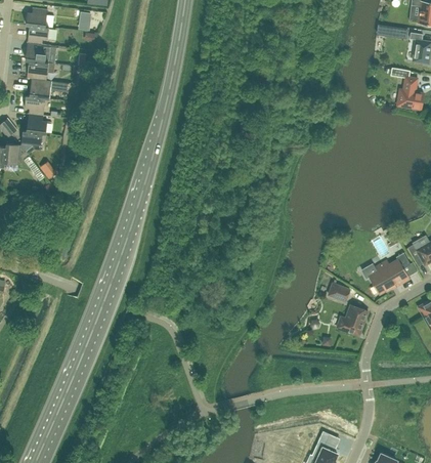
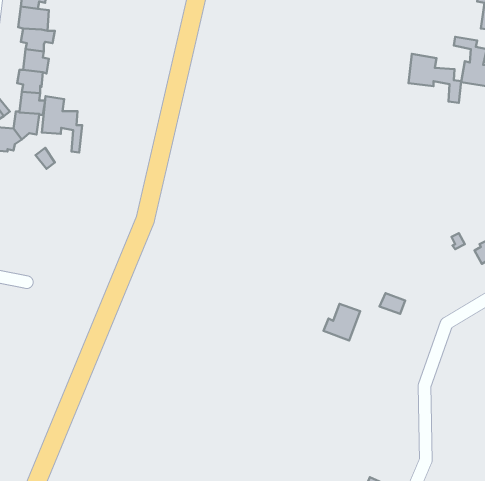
building: none -> [408,54,461,103]
building: none -> [42,96,82,152]
building: [360,252,410,292] -> none
building: [337,304,368,335] -> [324,304,360,340]

